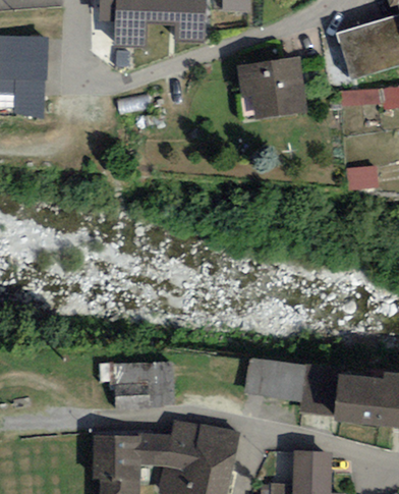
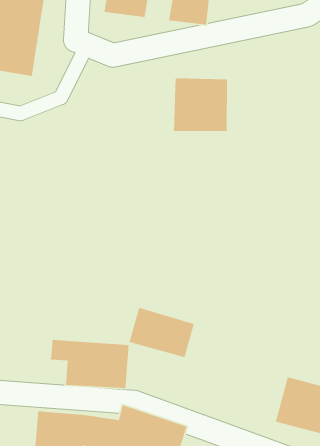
building: [240,62,297,119] -> [173,77,228,132]
building: [244,356,305,400] -> [129,307,195,358]

